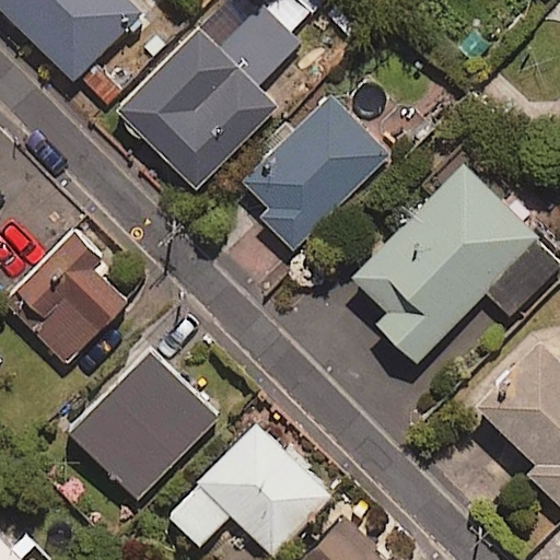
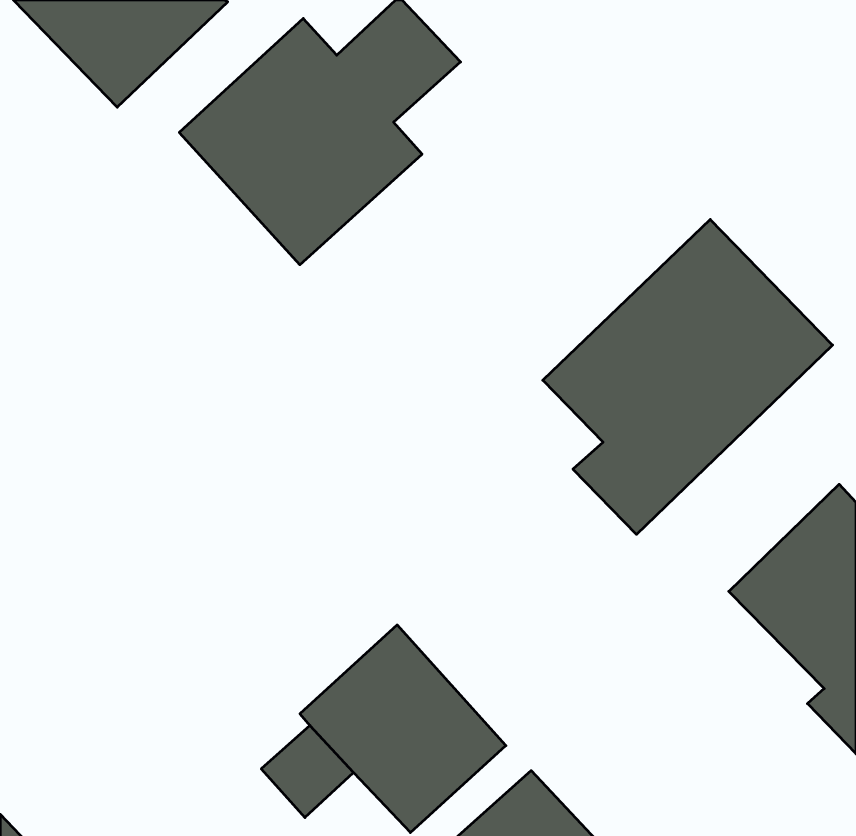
building: [245,96,390,253] -> none
building: [12,231,128,368] -> none
building: [67,352,221,504] -> none

